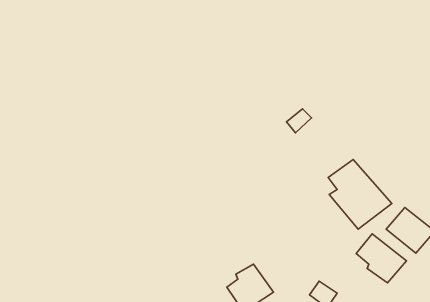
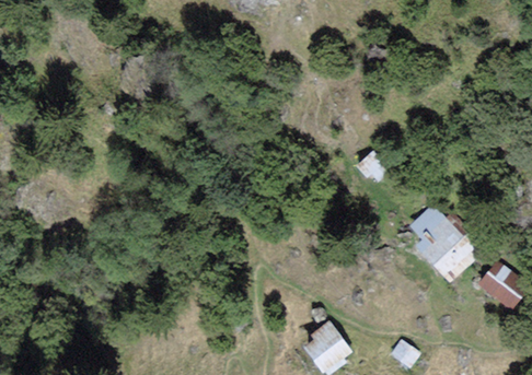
building: [356,234,406,283] -> none

